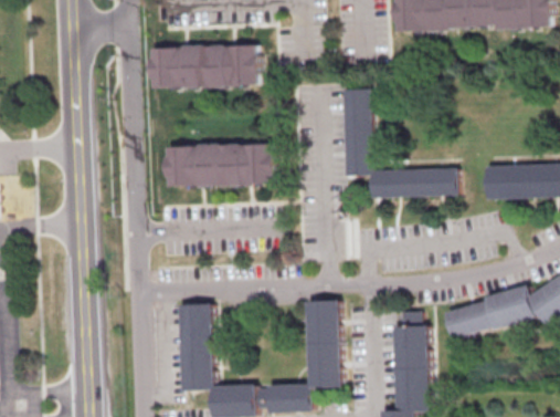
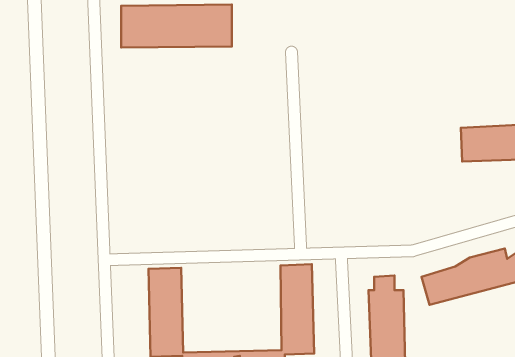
building: [341,88,456,197] -> none
building: [166,143,275,187] -> none

